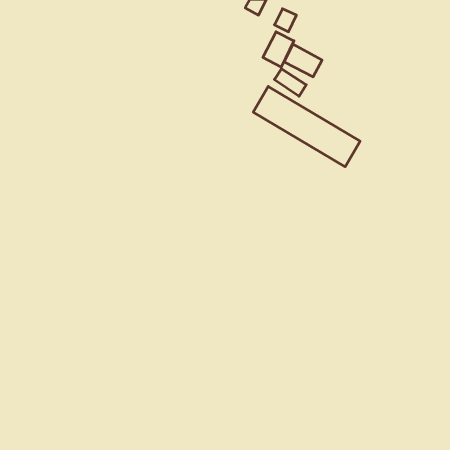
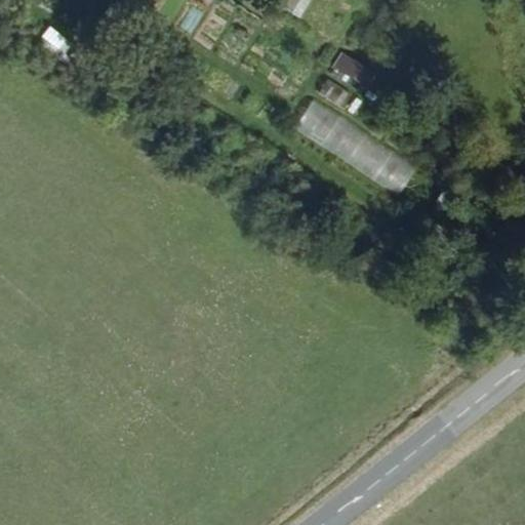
building: [263,32,294,67] -> none

